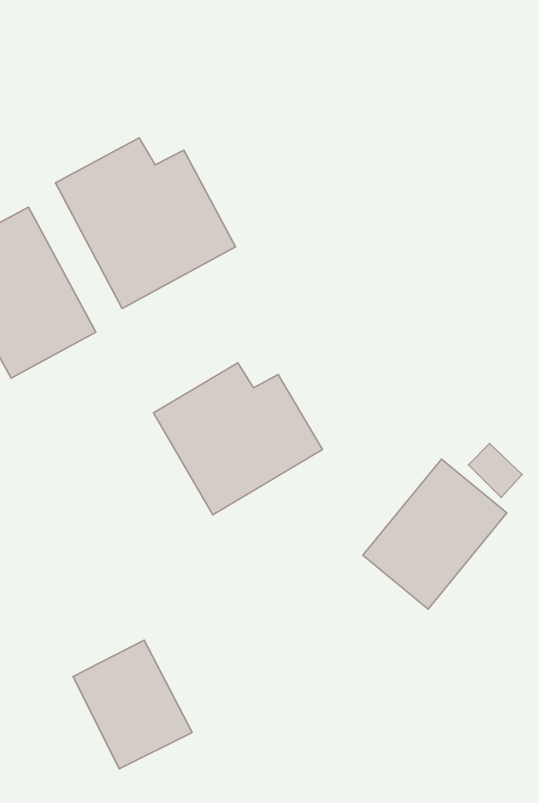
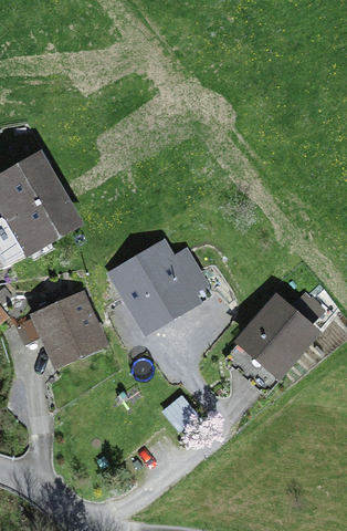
building: [55,138,236,308] -> none
building: [73,640,192,769] -> [38,294,106,368]

